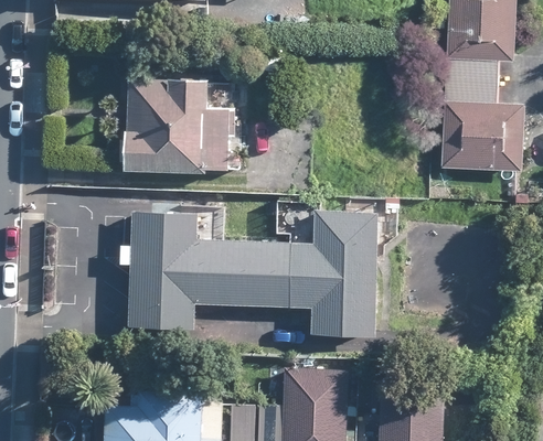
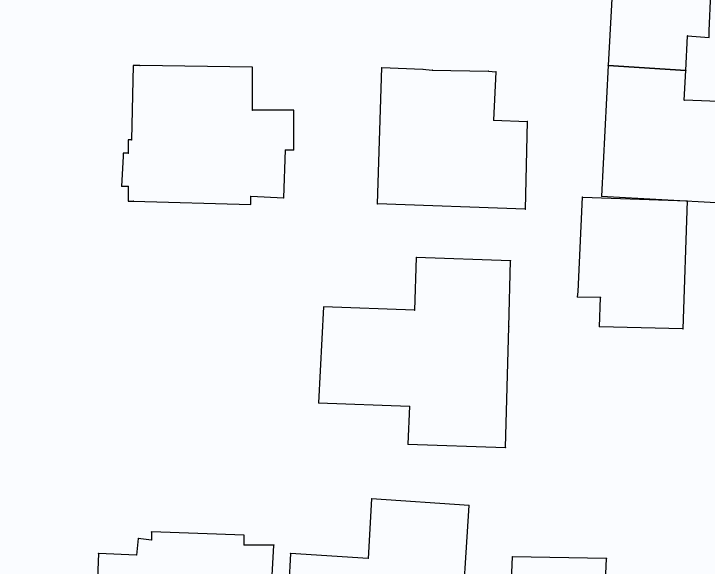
building: none -> [377,68,527,209]
building: none -> [577,197,687,329]
building: [127,212,254,330] -> none

